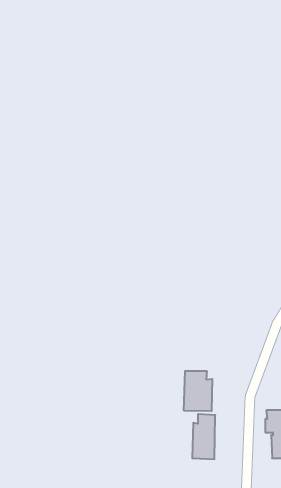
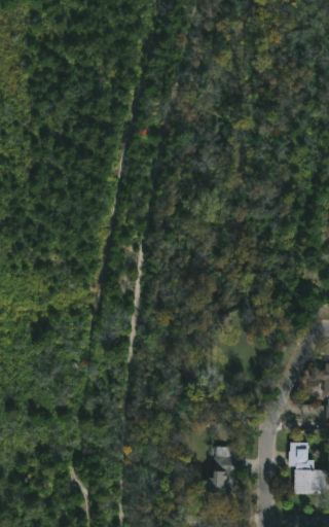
building: [184,371,212,411] -> none

